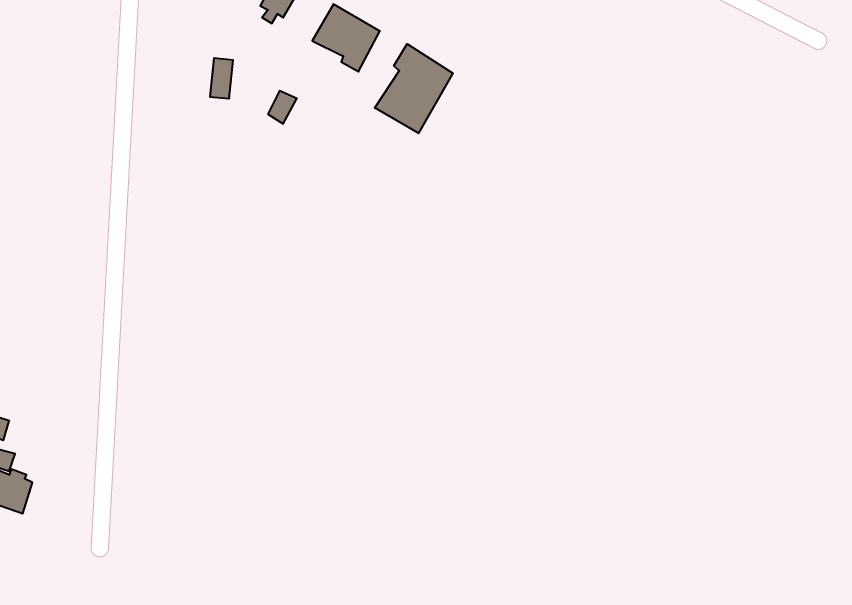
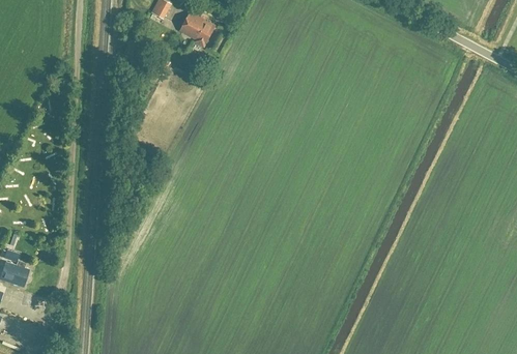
building: [375,44,453,133] -> none

